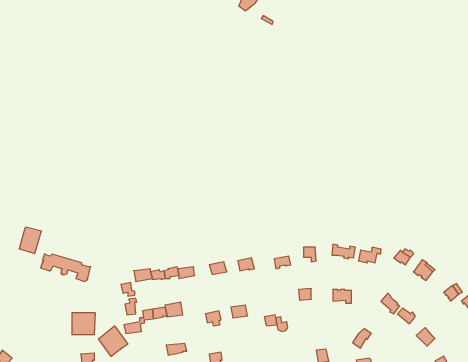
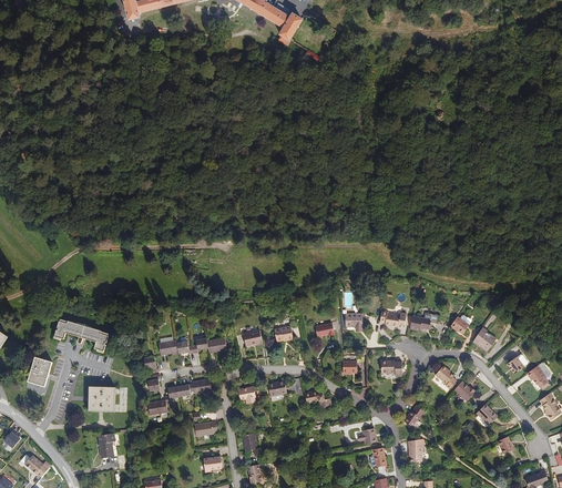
building: [19,227,42,254] -> [27,355,52,385]
building: [98,326,128,356] -> none

